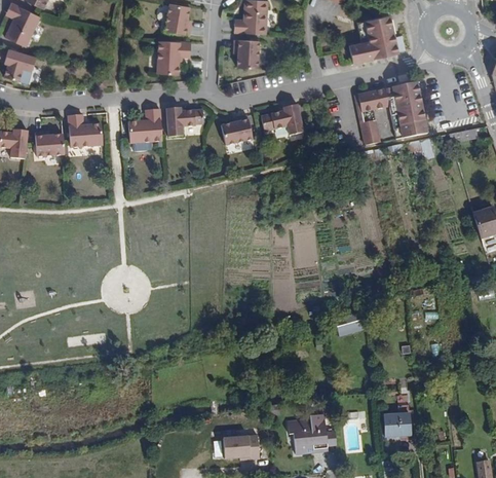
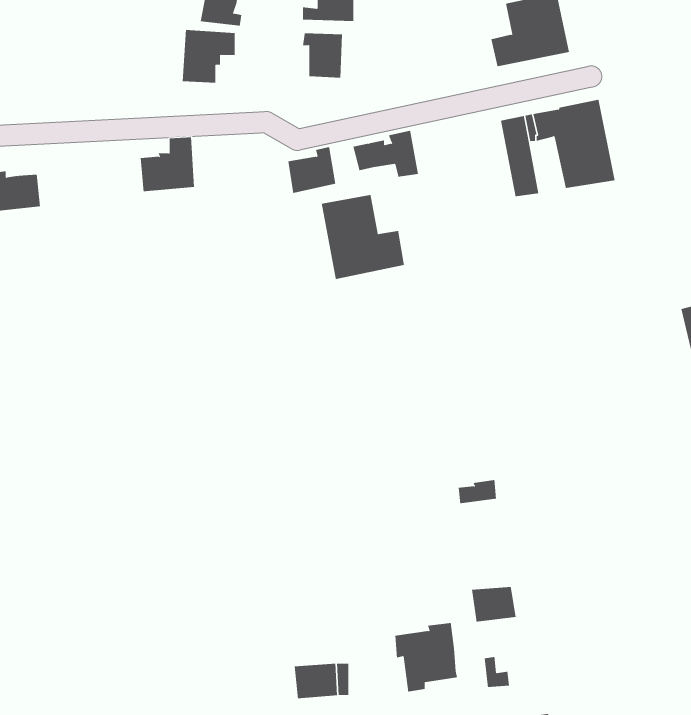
building: [167,109,205,139] -> none
building: [68,111,103,144] -> none
building: none -> [321,194,405,280]
building: [379,417,408,440] -> [471,586,516,622]

